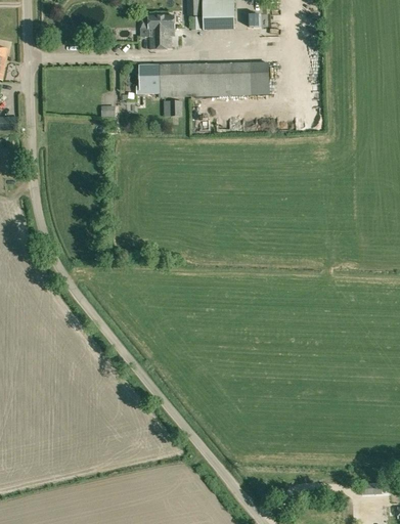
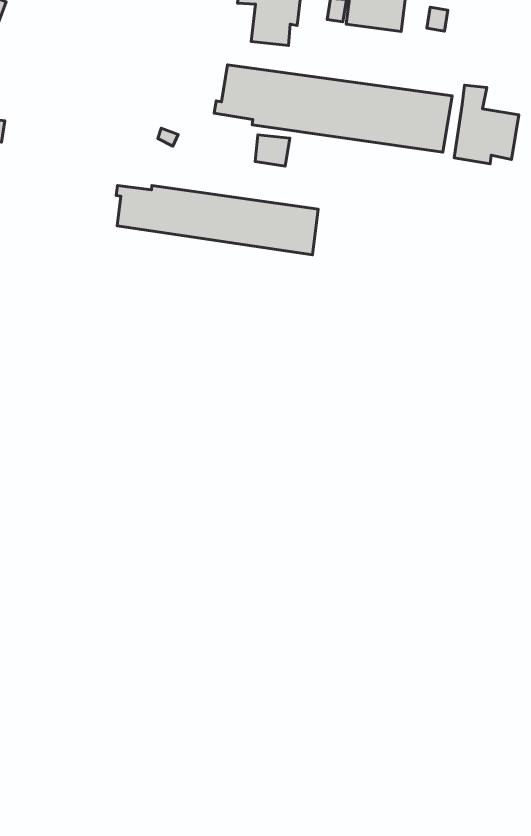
building: none -> [454,85,519,164]
building: none -> [116,186,318,255]

